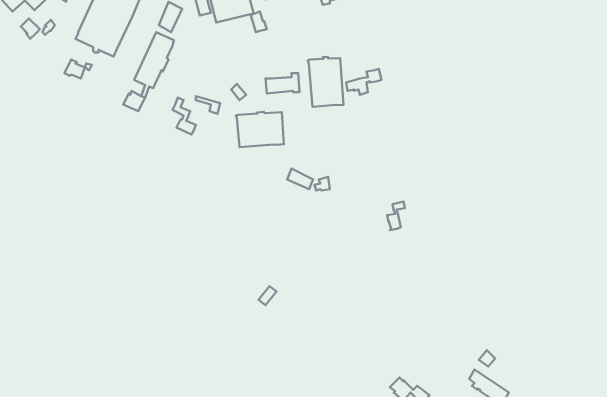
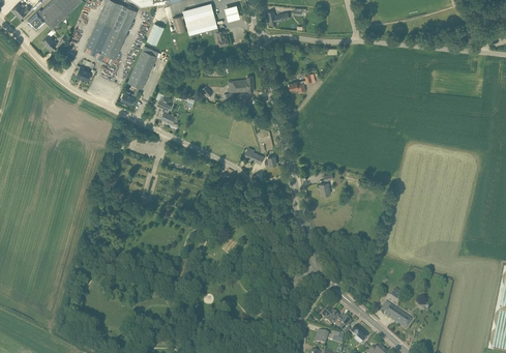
building: [308,57,344,107] -> none
building: [236,112,284,147] -> none

